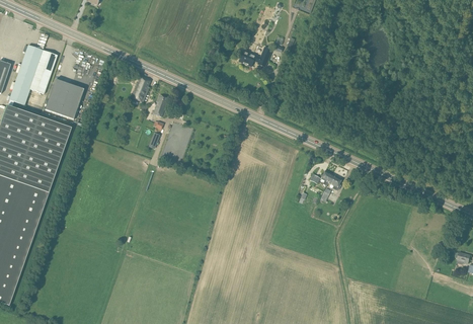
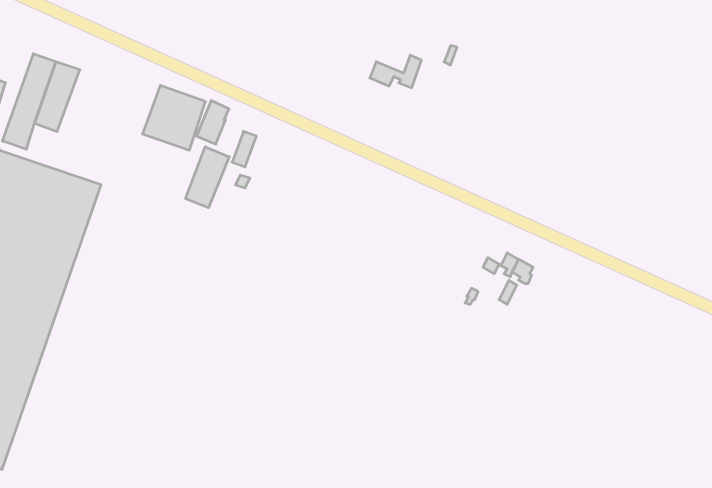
building: [45,78,84,118] -> [142,85,206,150]
building: none -> [186,147,229,208]

